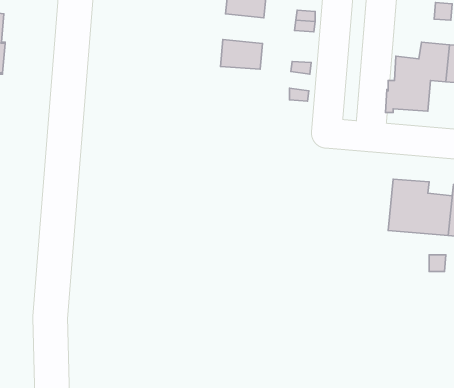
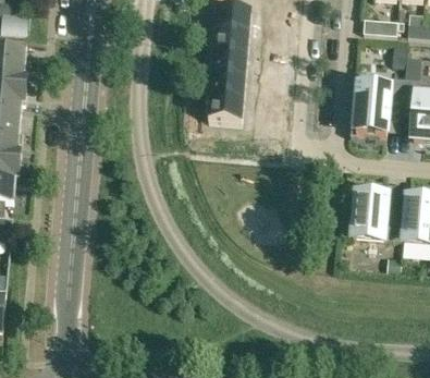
building: none -> [212,51,247,76]
building: none -> [209,96,244,122]

